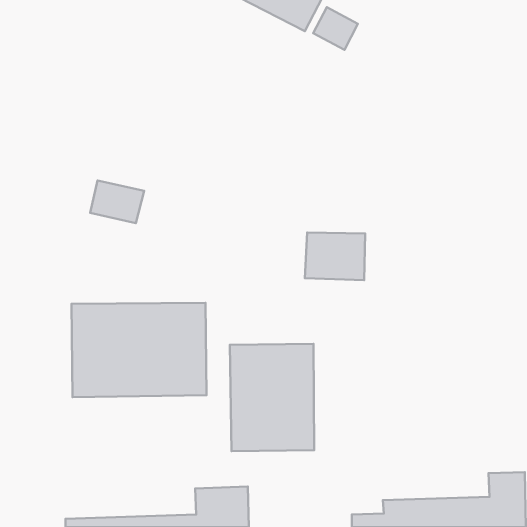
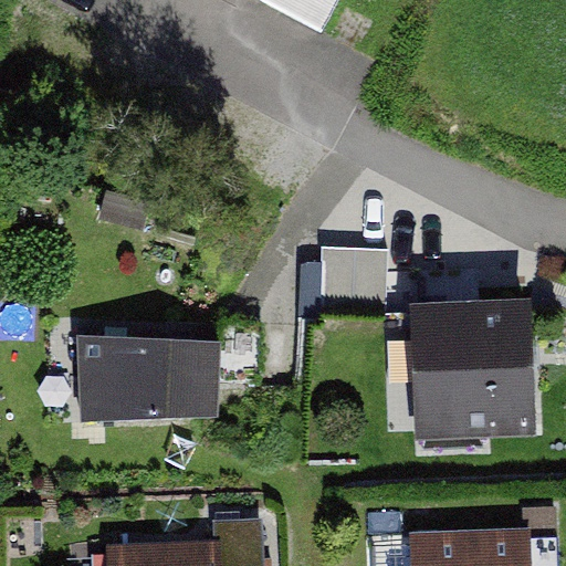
building: none -> [405,295,535,446]
building: [230,344,314,451] -> none

